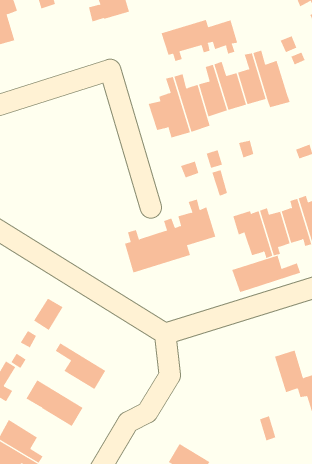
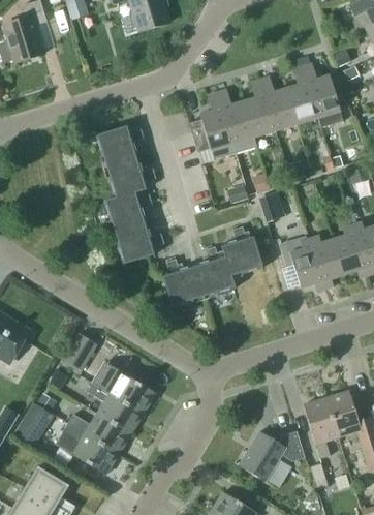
building: [161,19,238,62] -> none
building: none -> [96,124,164,263]
building: [231,255,301,293] -> none
building: none -> [93,368,156,413]
building: none -> [304,397,339,458]
building: none -> [68,413,131,453]
building: none -> [240,430,305,481]

